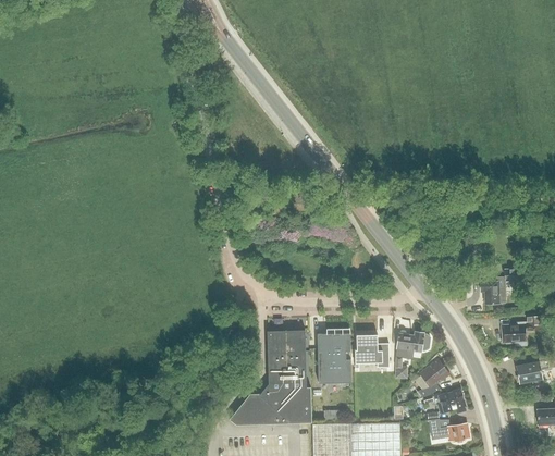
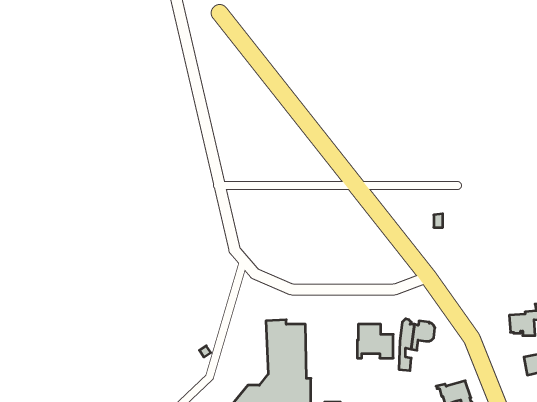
building: [480,270,518,305] -> none
building: [317,329,351,384] -> none
building: [418,360,449,397] -> none

